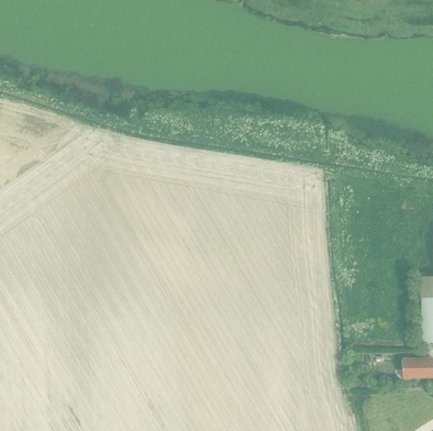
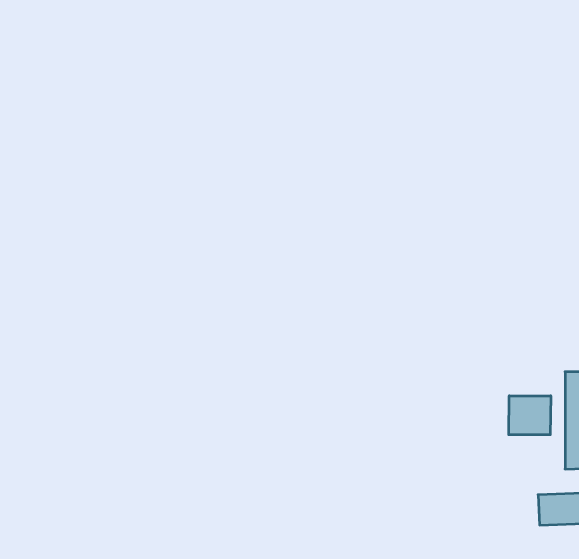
building: none -> [509,396,551,435]

